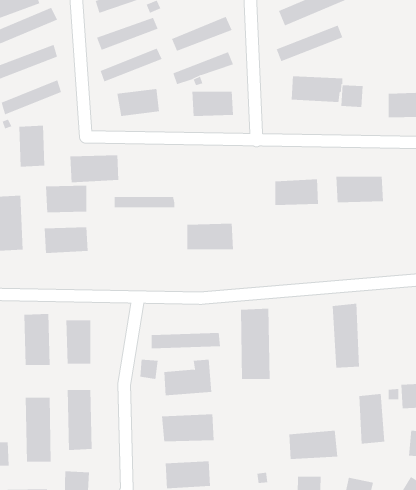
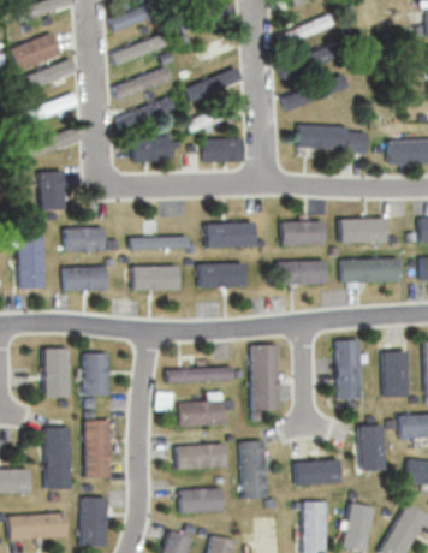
building: [70,155,119,183] -> [130,266,177,292]
building: none -> [203,221,254,249]
building: none -> [338,257,398,283]
building: none -> [274,261,322,285]
building: none -> [382,351,408,398]
building: none -> [238,441,264,500]

